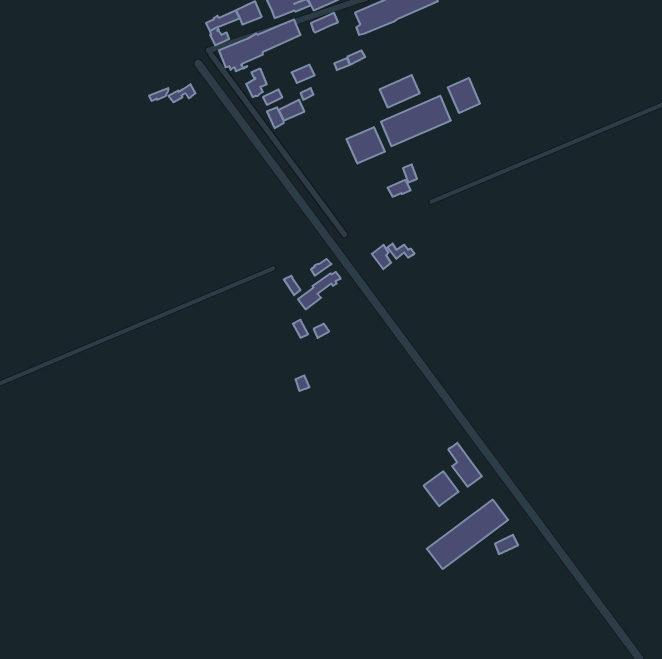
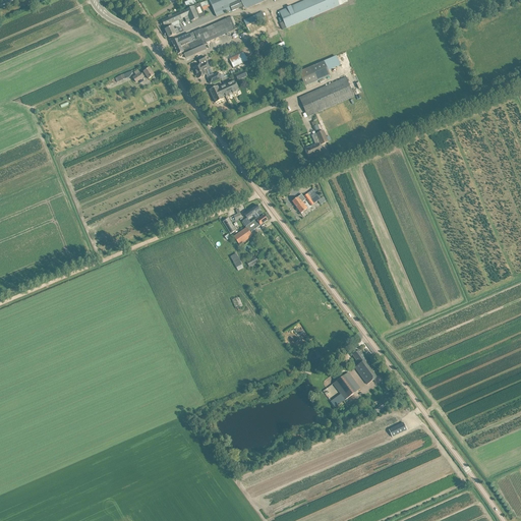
building: [448,78,480,113] -> none
building: [346,127,385,164] -> none
building: [427,500,508,569] -> none

